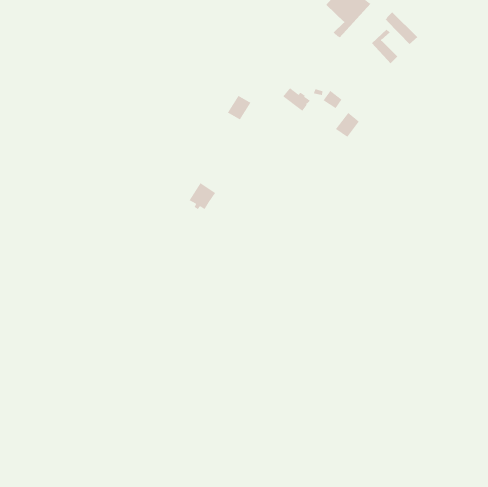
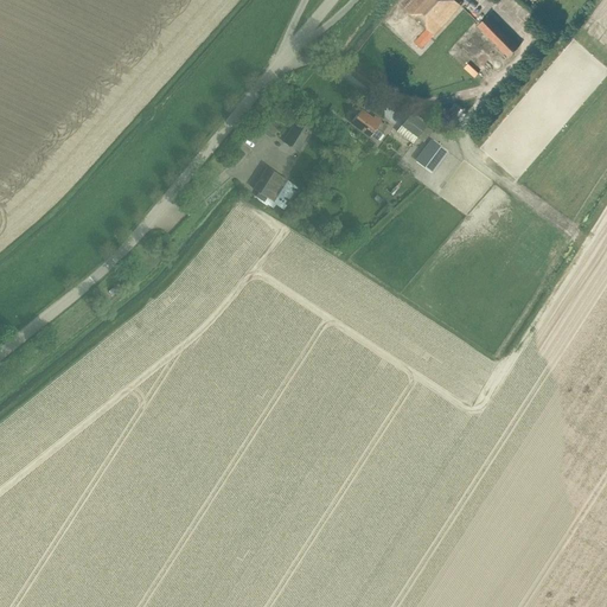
building: [189,182,216,210] -> [251,165,286,199]

